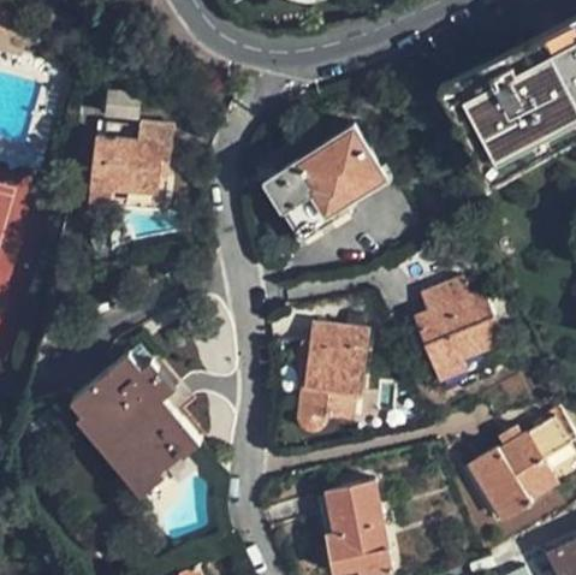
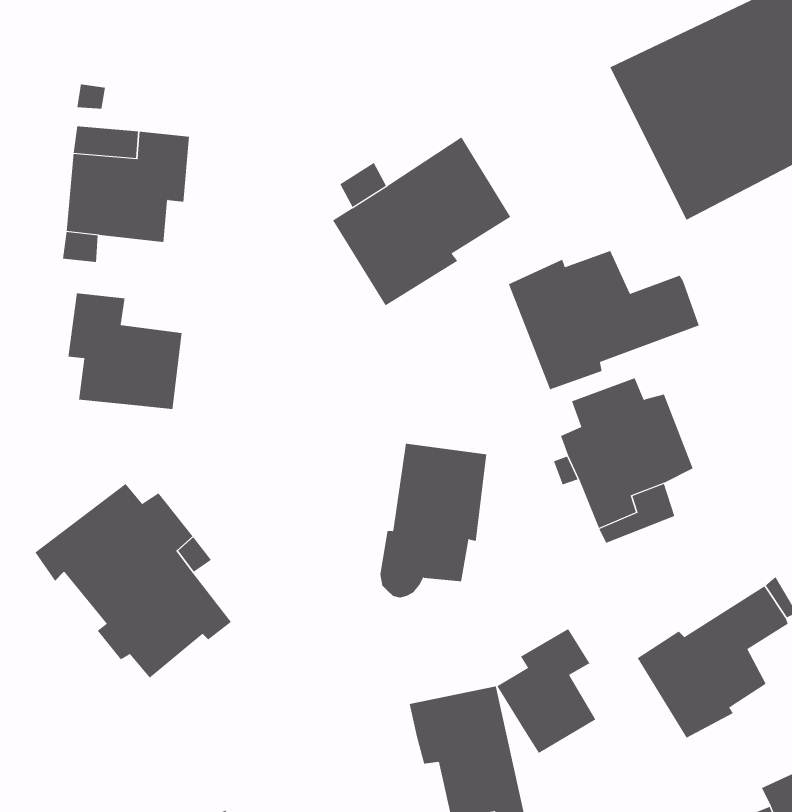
building: none -> [508,250,699,390]
building: none -> [68,292,182,410]
building: none -> [496,628,596,754]

